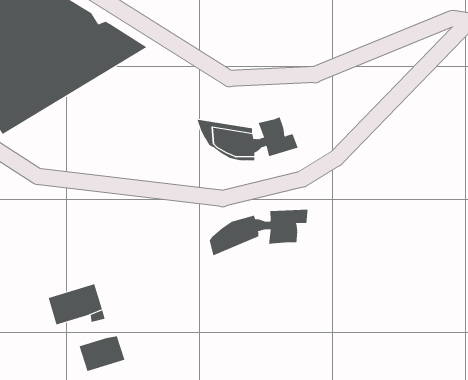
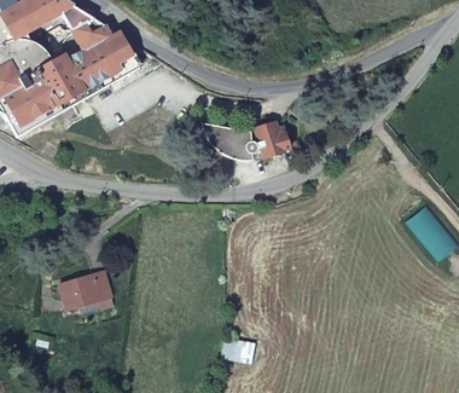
building: [209,209,308,256] -> none
building: [79,335,125,372] -> none

